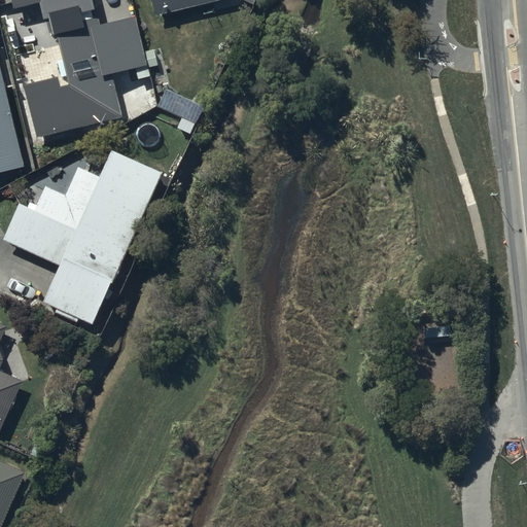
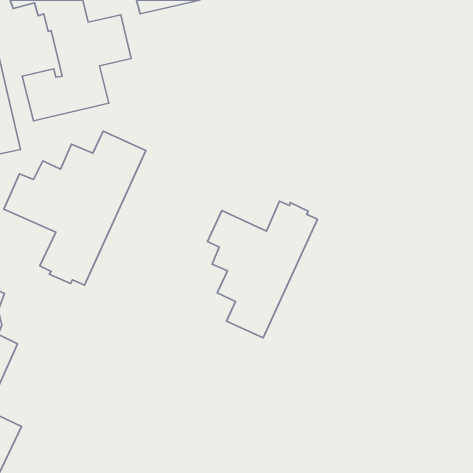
building: none -> [208,201,317,338]

